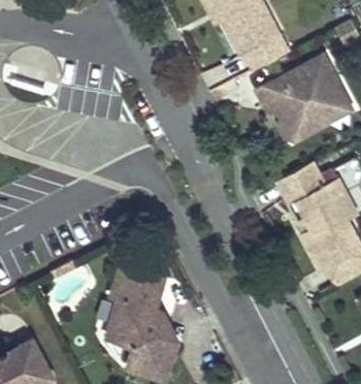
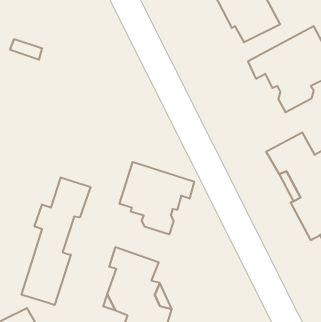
building: none -> [120,162,194,234]
building: none -> [22,177,90,305]

